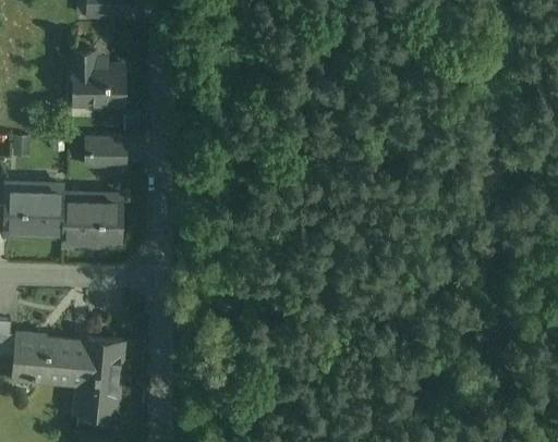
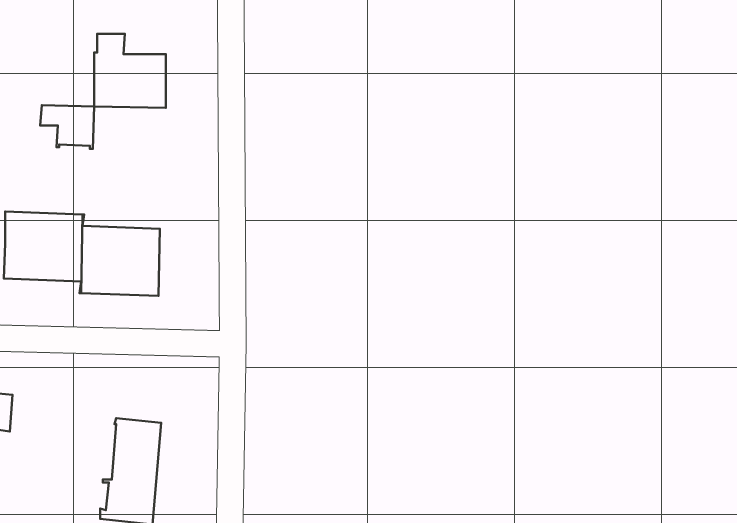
building: [86,136,126,169] -> [40,105,94,149]
building: [11,332,88,383] -> none

